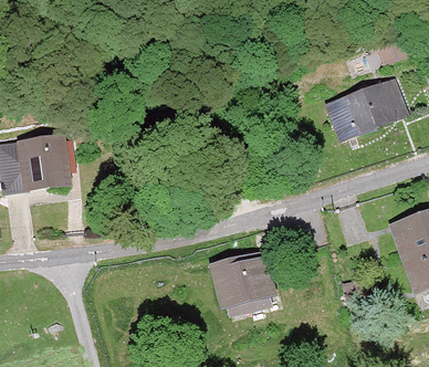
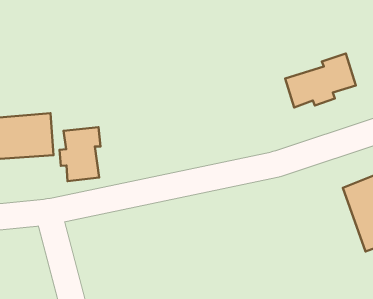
building: none -> [60,127,101,181]
building: [212,256,275,313] -> none

